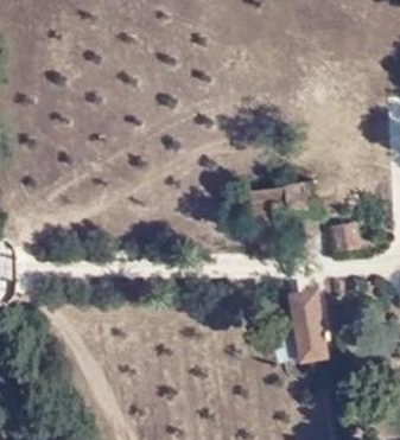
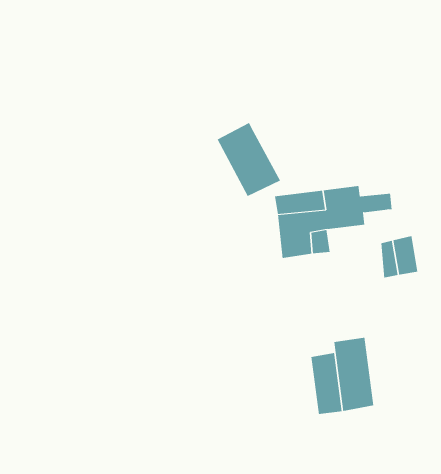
building: none -> [217,122,281,197]

